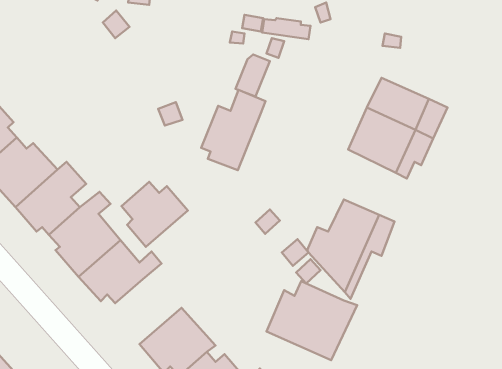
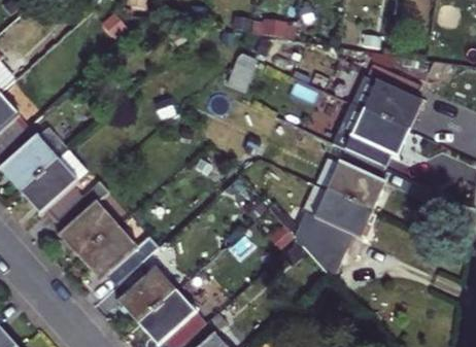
building: [201,90,266,170] -> none
building: none -> [327,159,386,207]
building: [122,182,188,247] -> [113,261,175,321]
building: [266,281,357,360] -> none

